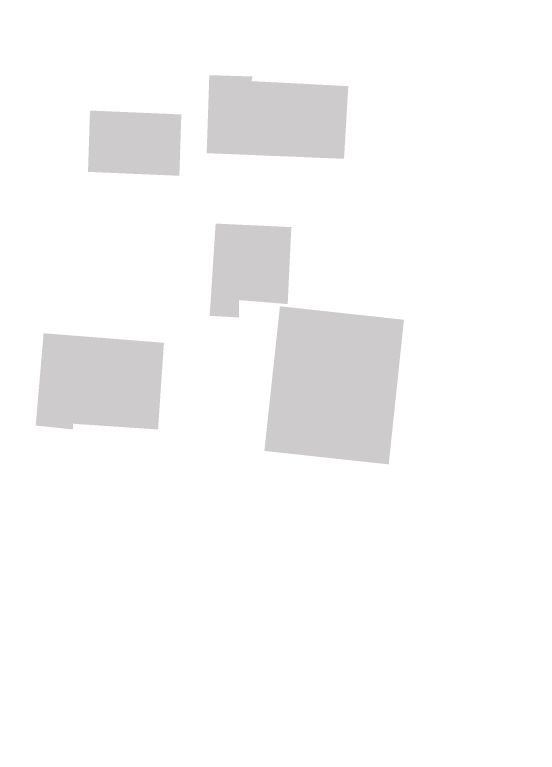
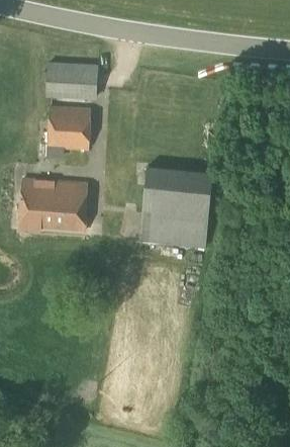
building: [206,75,349,160] -> none
building: [209,223,292,318] -> [46,107,90,157]

